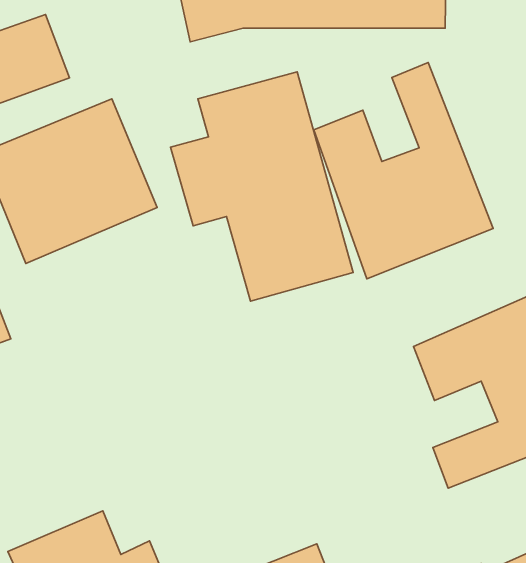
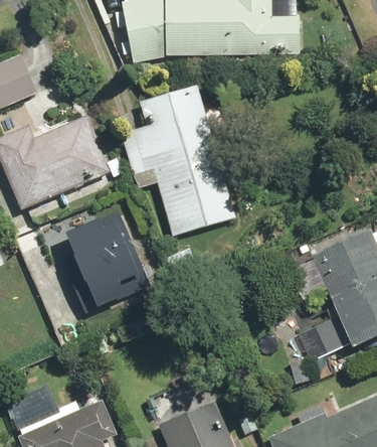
building: [314,62,493,279] -> none
building: none -> [60,207,152,313]

